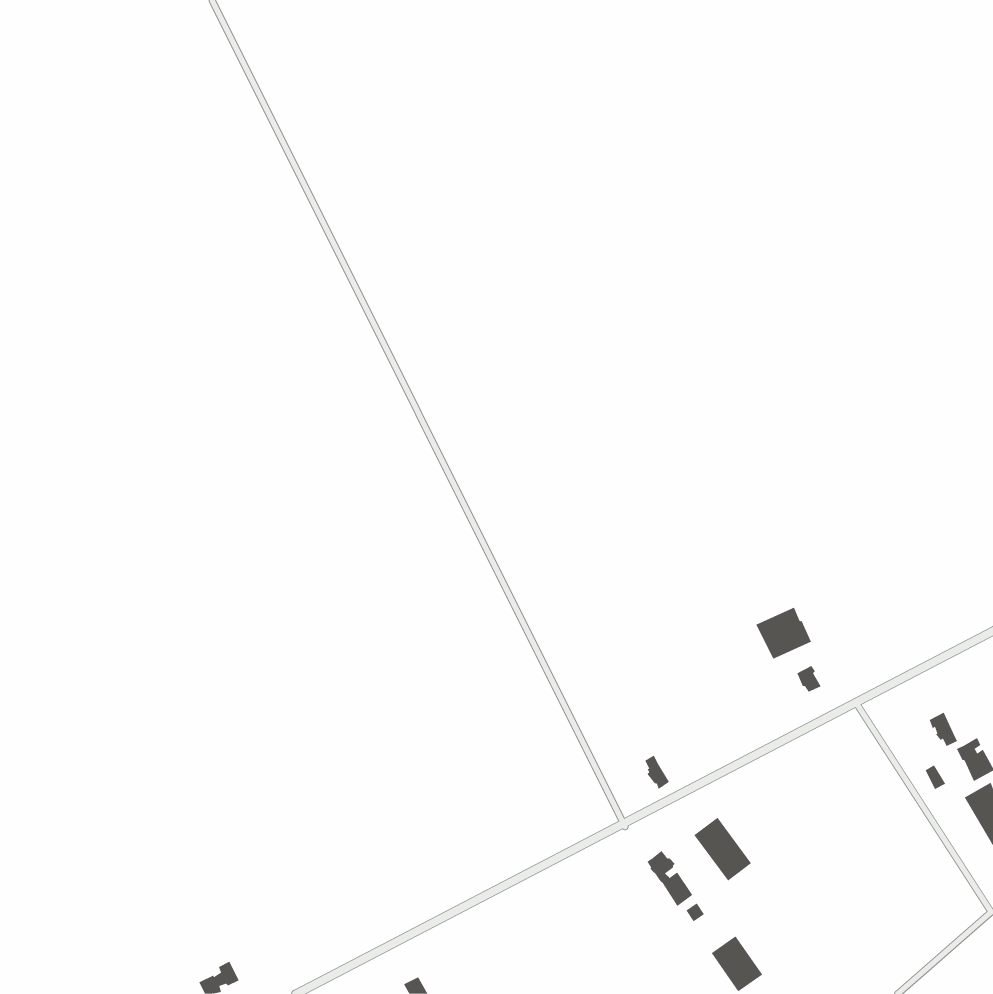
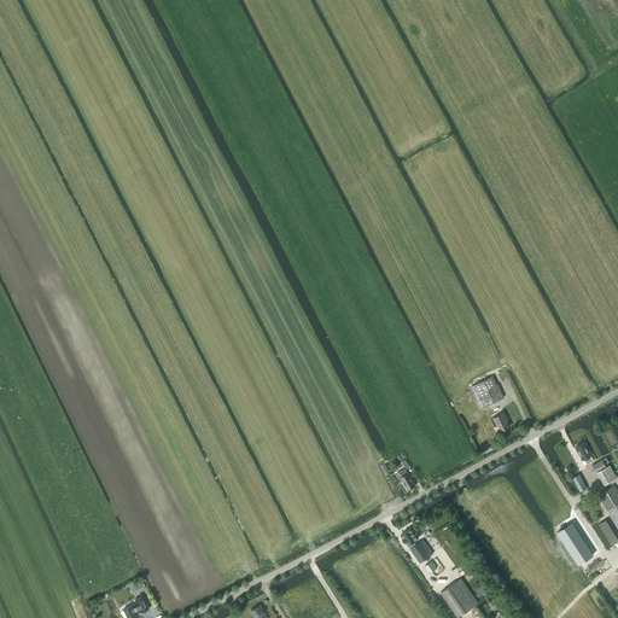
building: [694,817,752,881] -> none
building: none -> [559,523,594,564]

